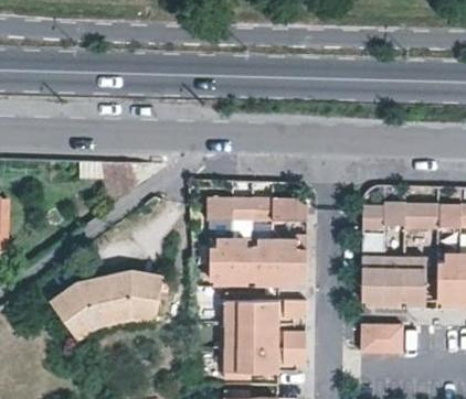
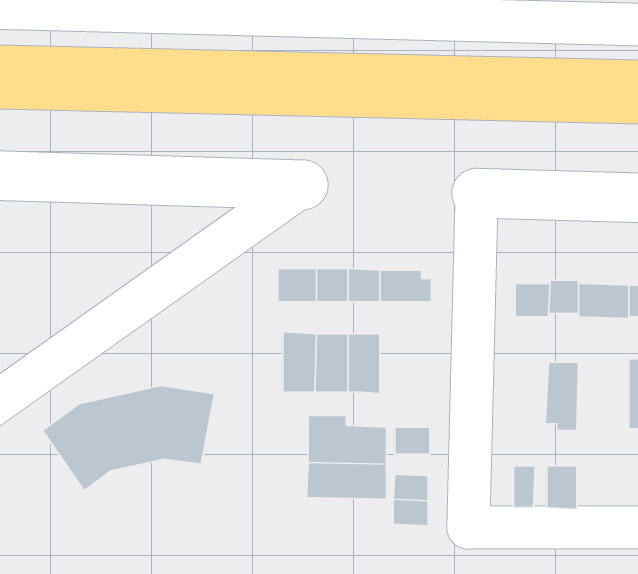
building: [273,234,307,279] -> none
building: [361,257,384,302] -> none
building: [403,258,426,303] -> none
building: [224,347,277,379] -> none

